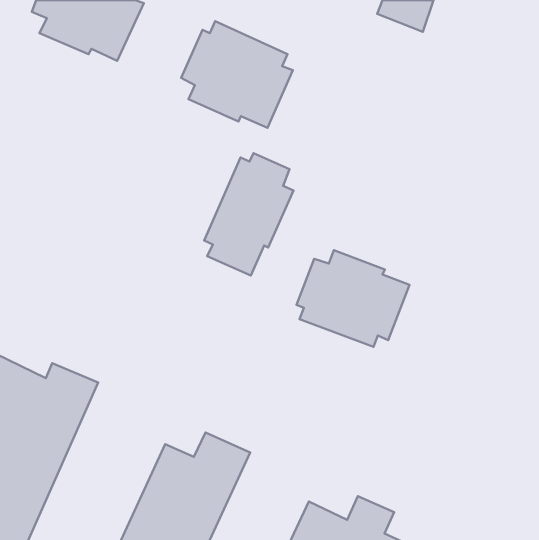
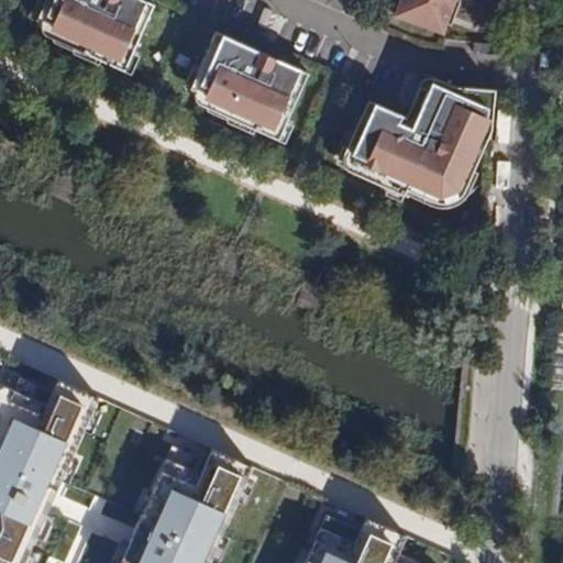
building: none -> [338,81,489,211]
building: [204,153,294,276] -> none
building: [296,250,409,347] -> none

